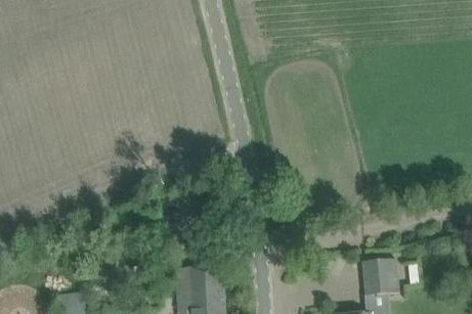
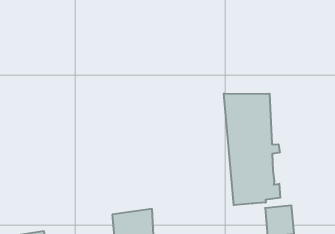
building: none -> [224,93,280,205]

